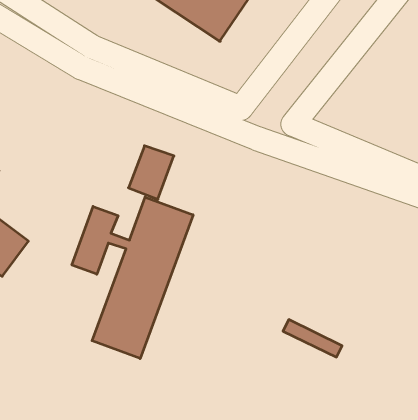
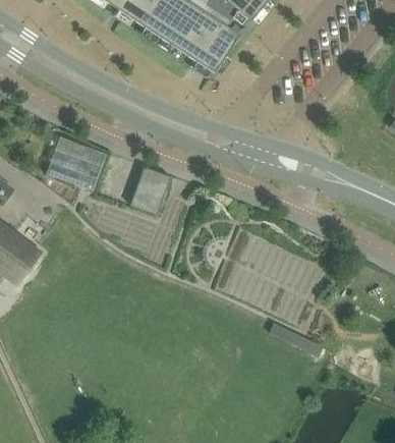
building: none -> [47,135,108,190]
building: [72,197,193,359] -> none

